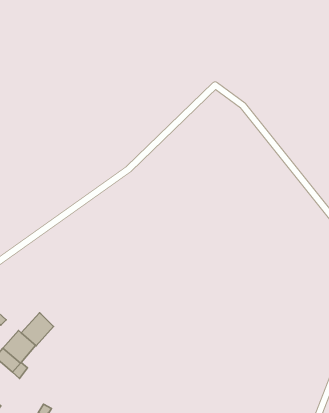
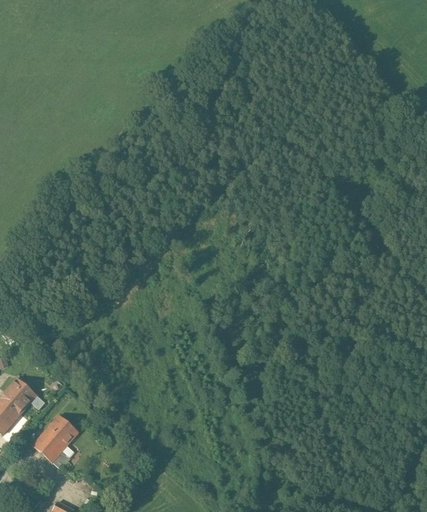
building: [21,313,54,346] -> none

